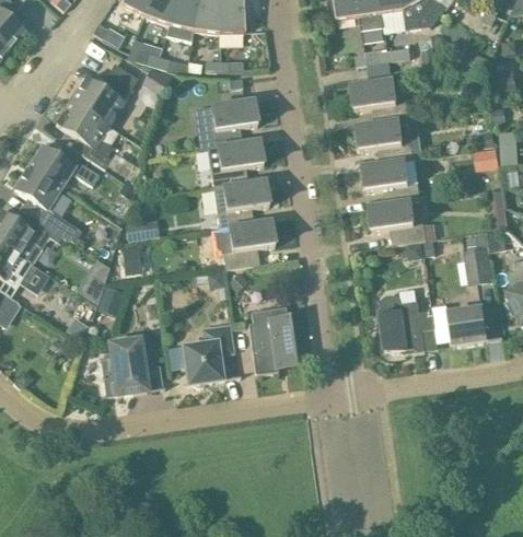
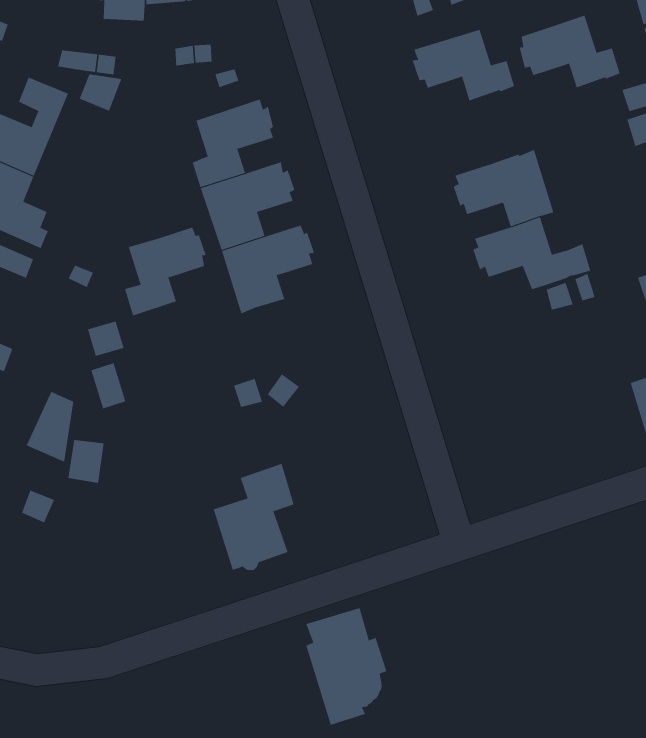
building: [356,118,415,162] -> [519,15,620,88]
building: [222,220,276,268] -> [124,227,207,316]
building: [380,294,435,350] -> none
building: [248,304,295,373] -> [306,607,387,726]
building: [98,339,156,396] -> none

